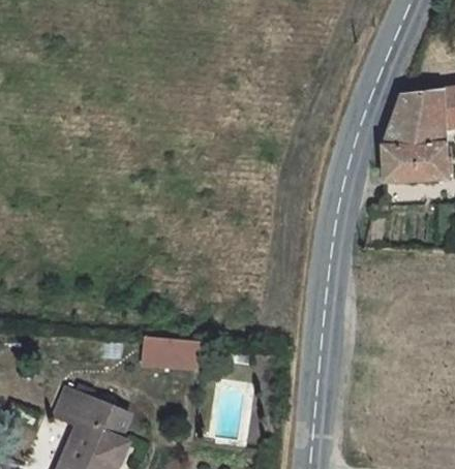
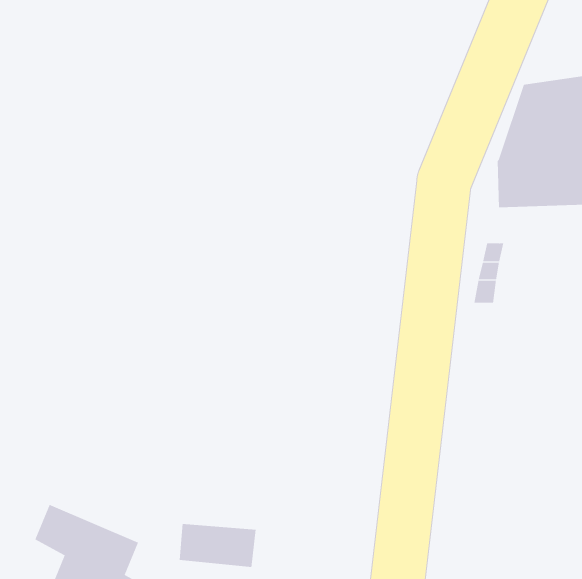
building: [145,337,200,368] -> [179,524,257,568]

